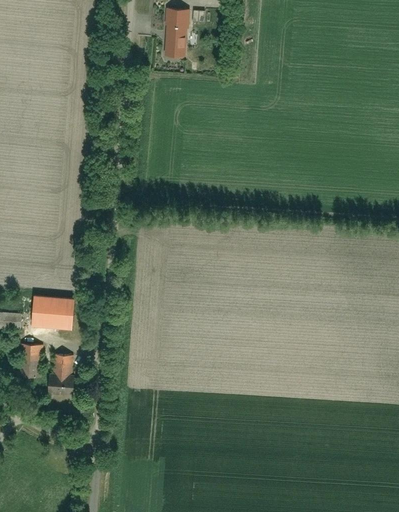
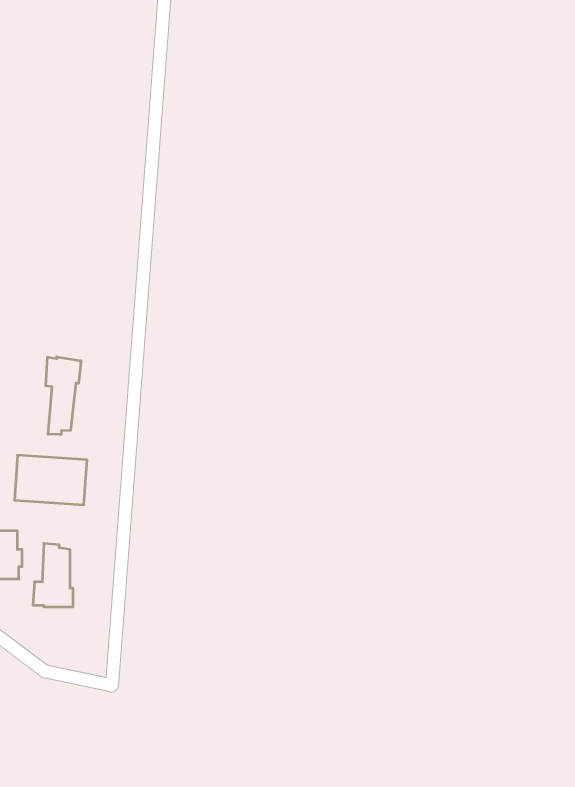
building: [166,9,188,57] -> none
building: none -> [46,357,81,435]

